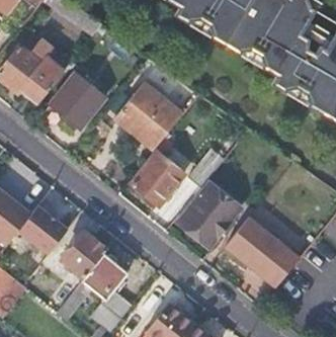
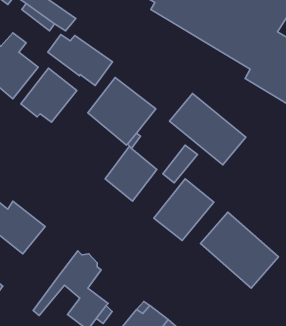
building: none -> [48,35,113,86]
building: none -> [169,93,246,165]
building: [62,235,106,279] -> none

